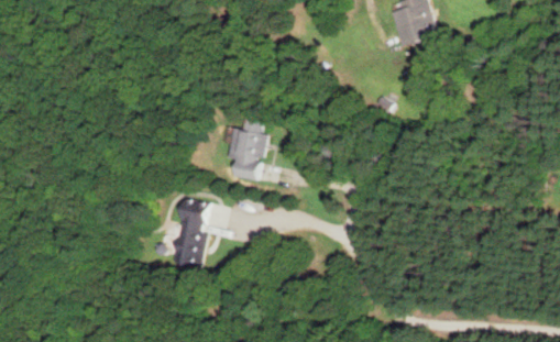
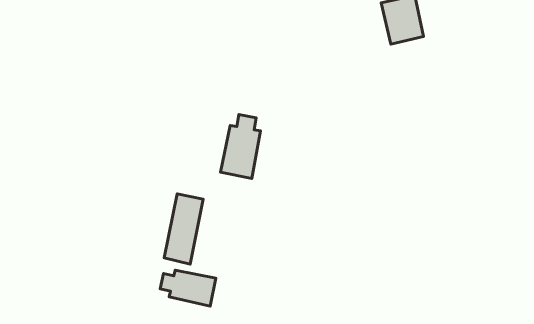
building: none -> [160,270,216,306]

